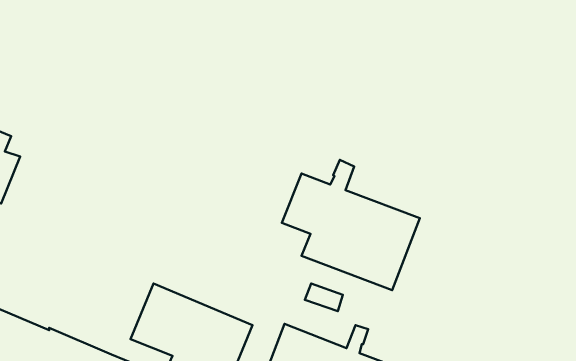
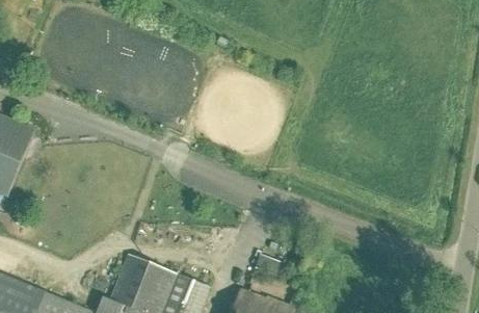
building: [282,160,420,290] -> none

